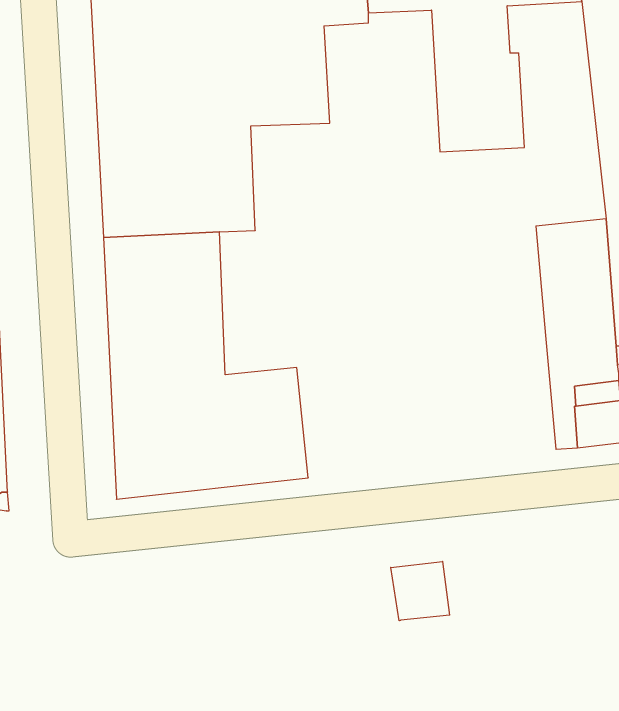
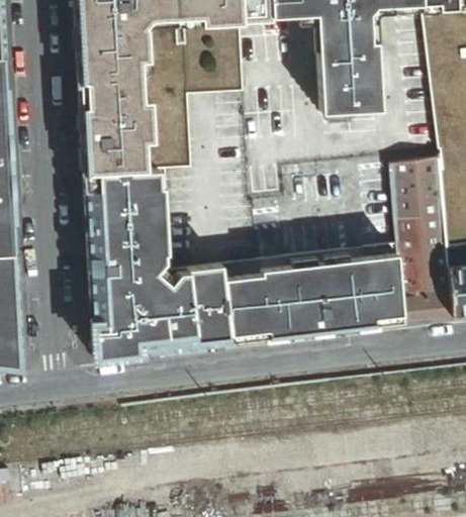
building: none -> [219,244,402,342]
building: [391,561,450,621] -> none

